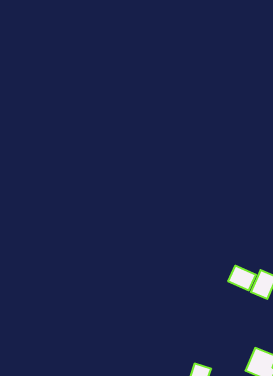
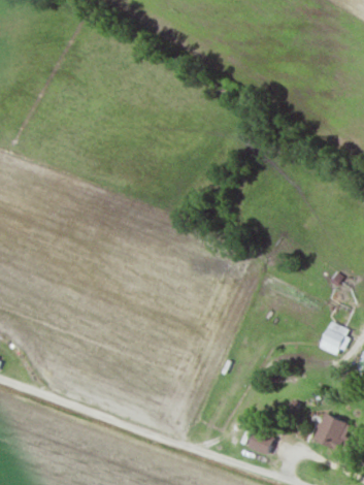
building: [228,266,256,290] -> none

